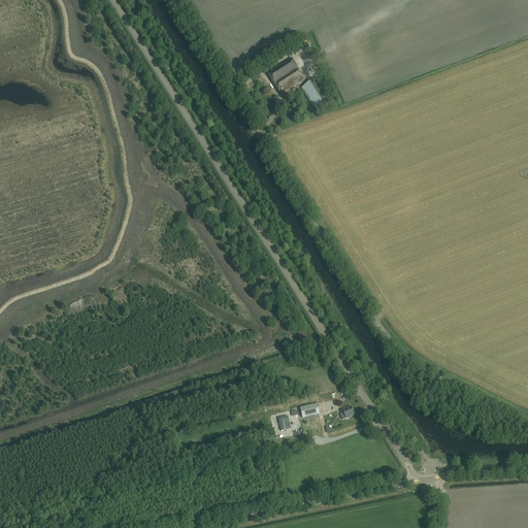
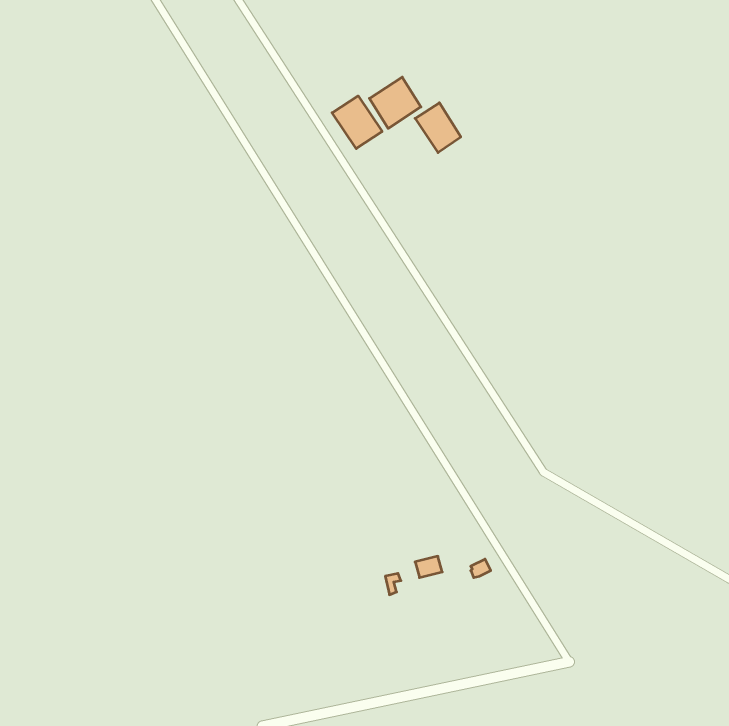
building: none -> [332,96,382,149]

